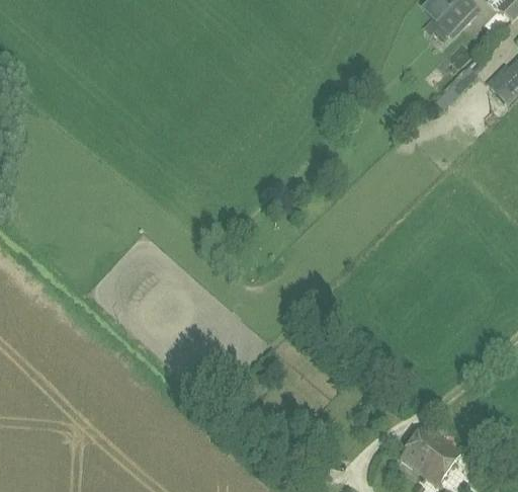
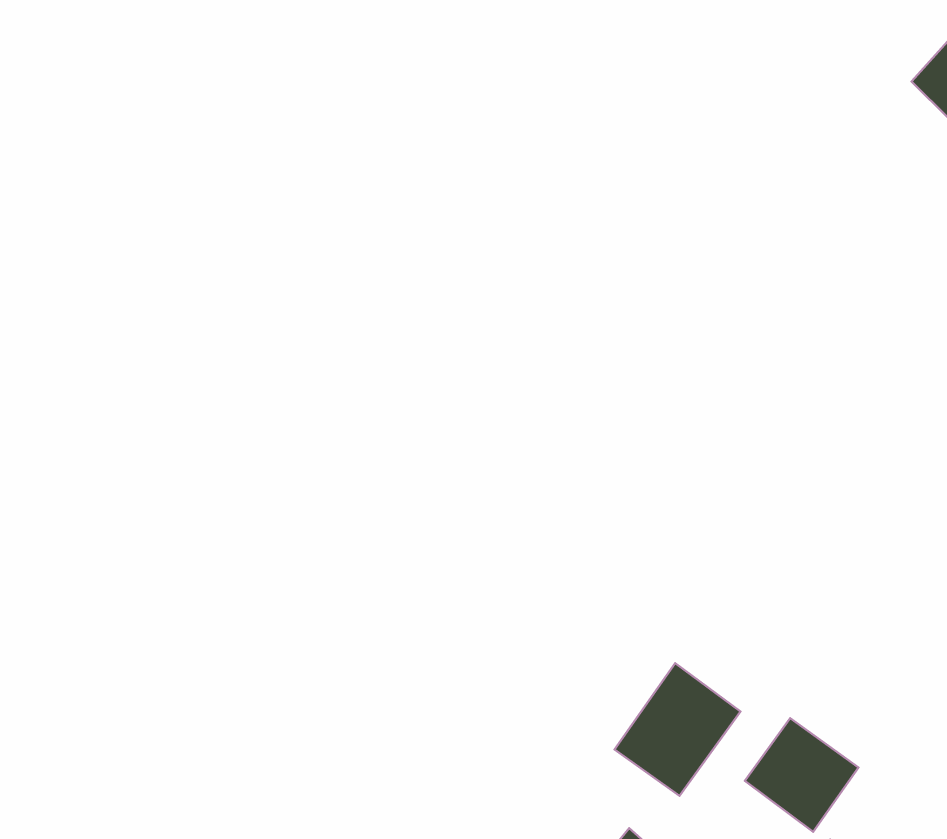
building: none -> [615,663,740,796]

